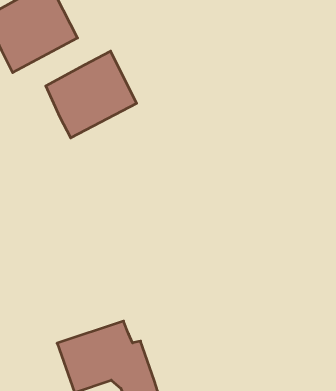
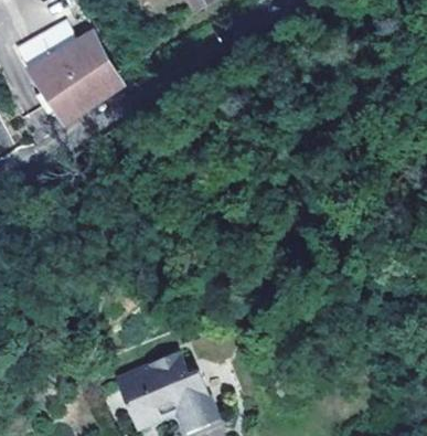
building: [46,51,137,138] -> none

